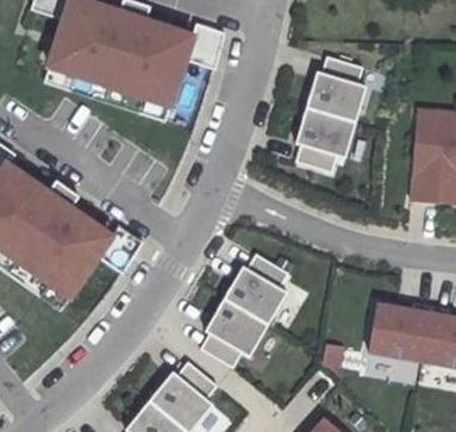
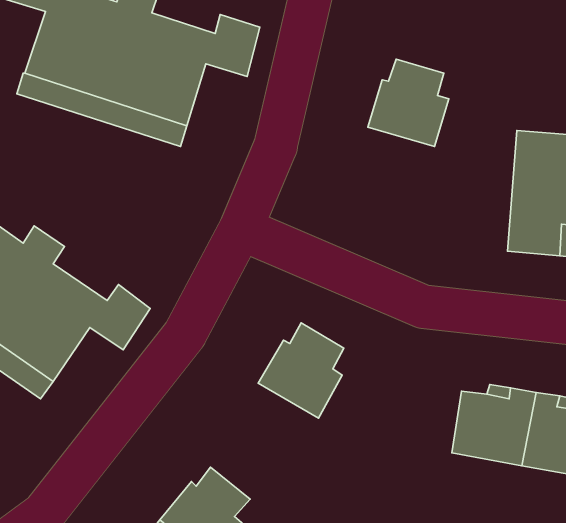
building: [295,106,356,171] -> none
building: [200,298,269,368] -> none

